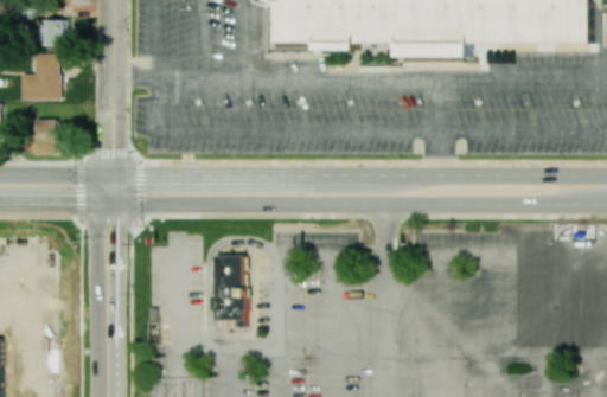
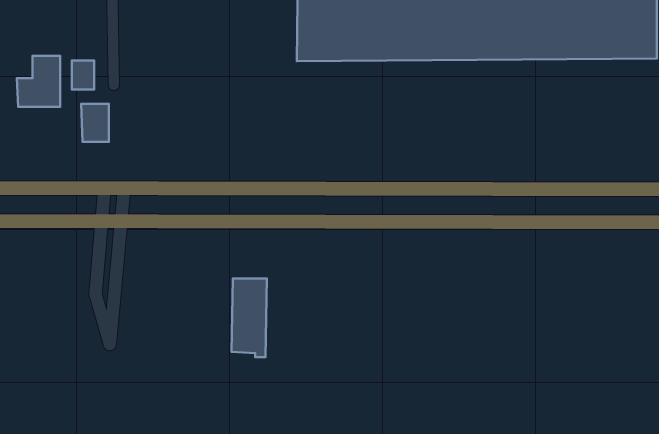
building: [39,18,59,44] -> [72,61,94,89]
building: [28,117,53,152] -> [81,104,109,142]

